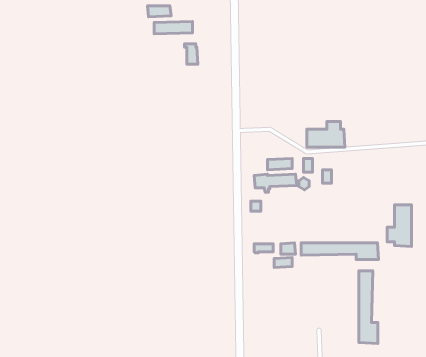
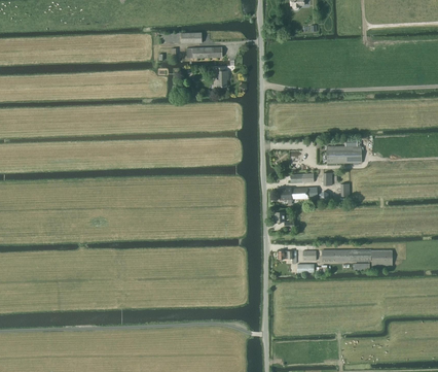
building: [387,205,412,247] -> none
building: [359,271,378,344] -> none

